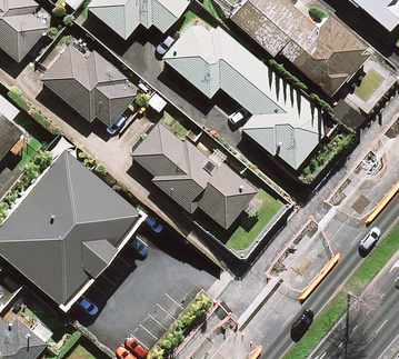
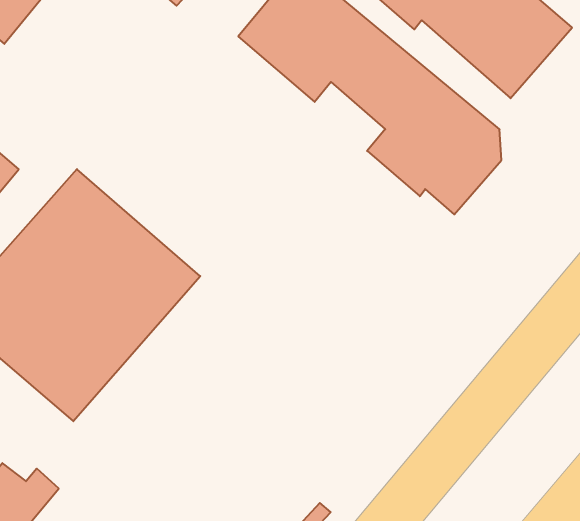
building: [41,46,137,127] -> none
building: [131,120,266,228] -> none

